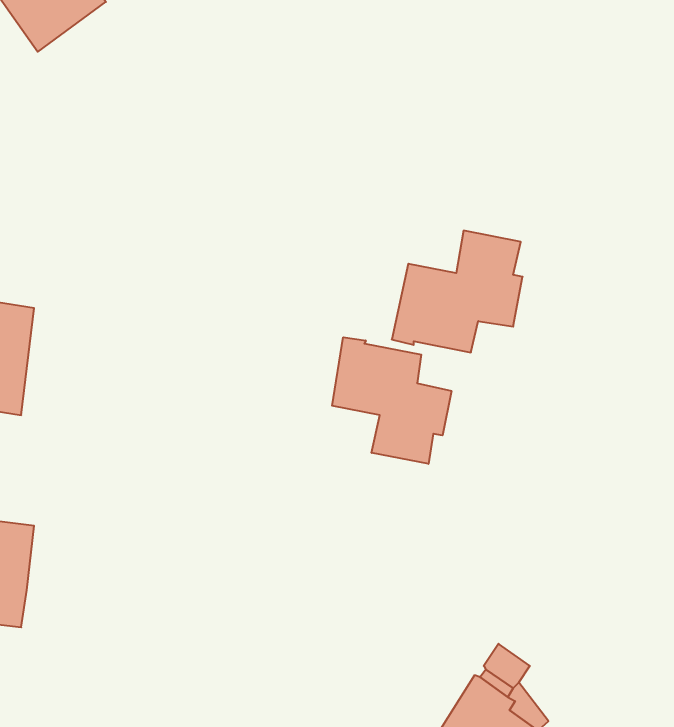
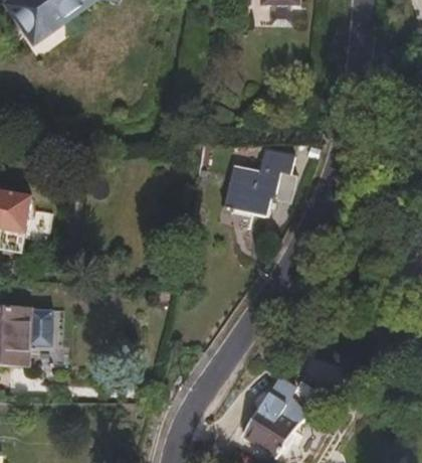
building: [332,337,451,464] -> none
building: none -> [26,310,52,348]

